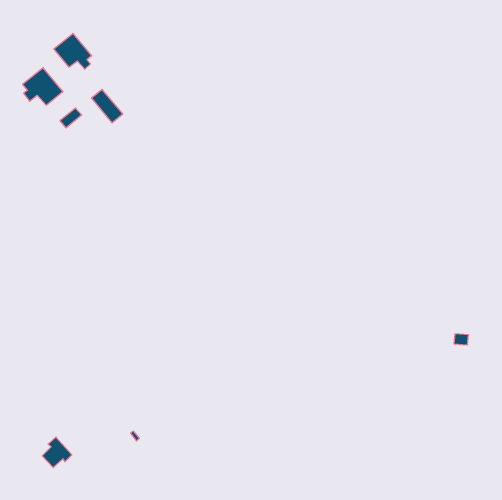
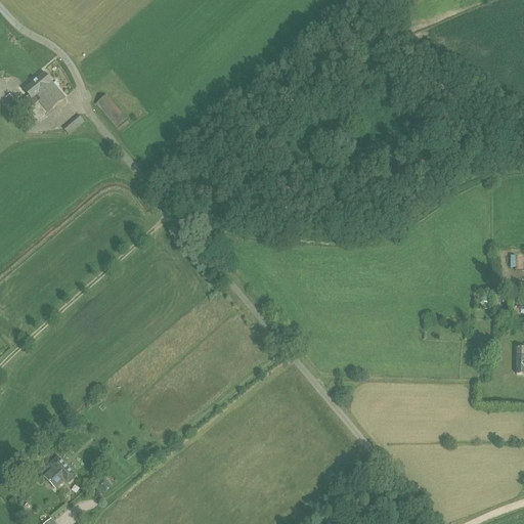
building: [54,33,92,69] -> none

